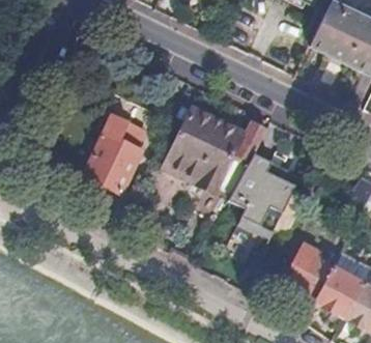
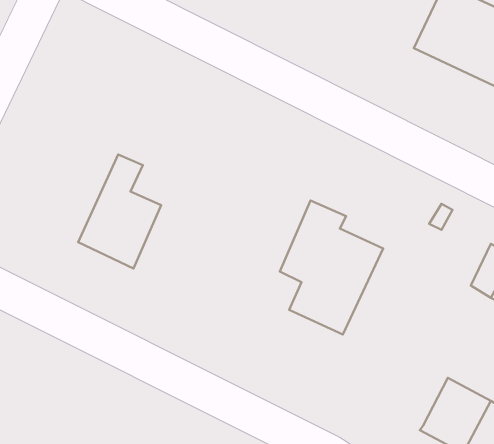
building: [168,107,244,183] -> none
building: [288,242,334,298] -> none

